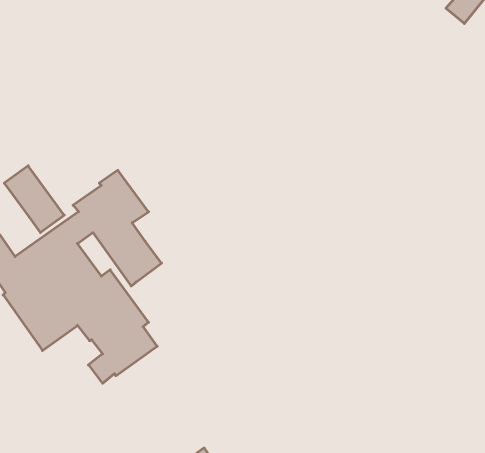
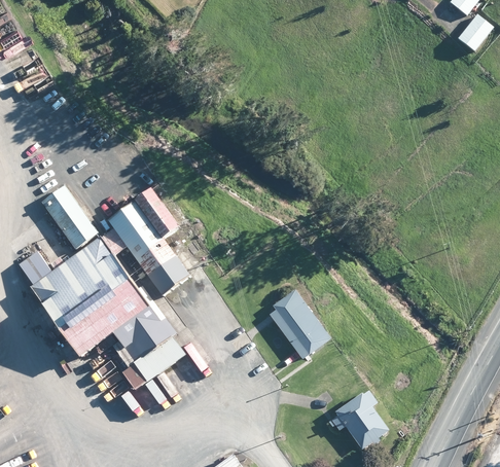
building: none -> [269,287,332,359]
building: none -> [330,388,388,448]

